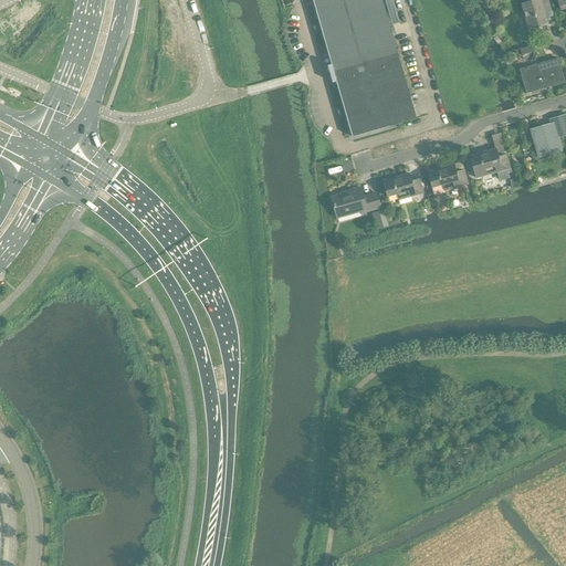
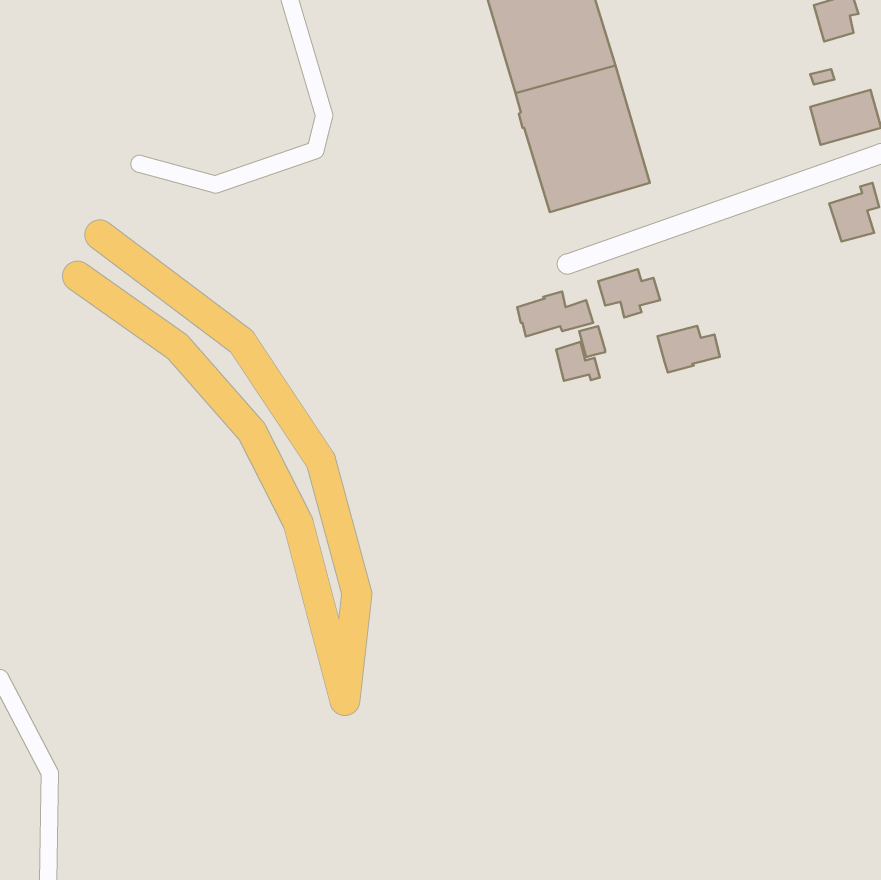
building: [470,148,510,177] -> none
building: [428,164,468,193] -> [658,326,720,372]
building: none -> [556,342,600,381]

